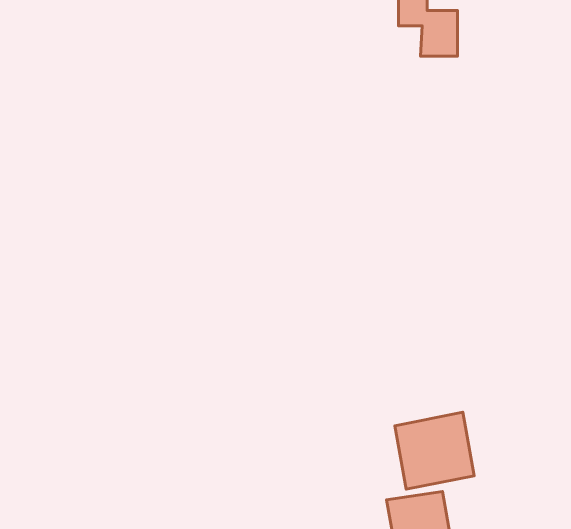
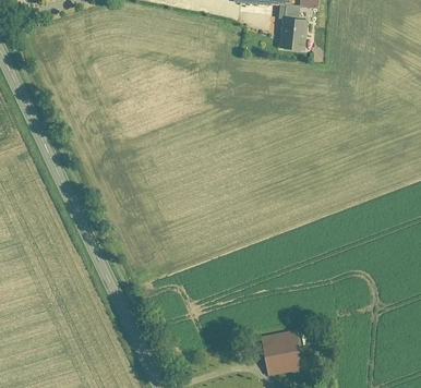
building: [395,412,474,489] -> none

